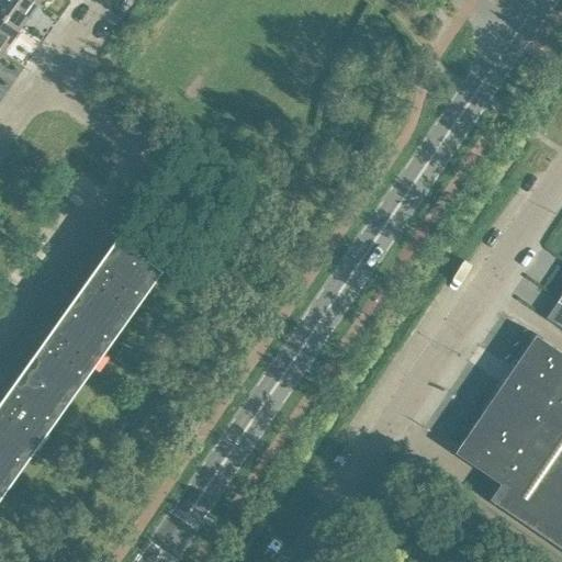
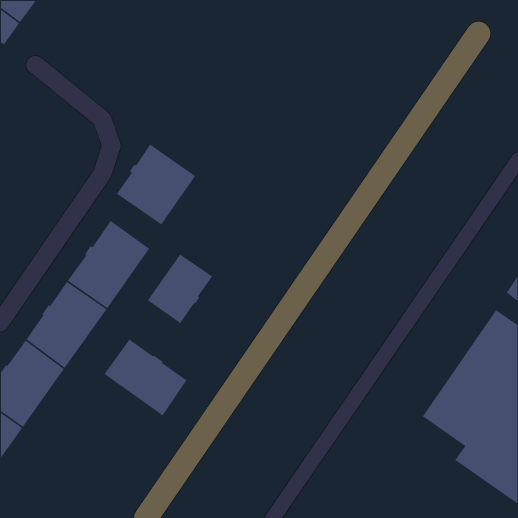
building: none -> [116,144,196,225]
building: none -> [147,254,213,324]
building: none -> [103,338,187,416]

